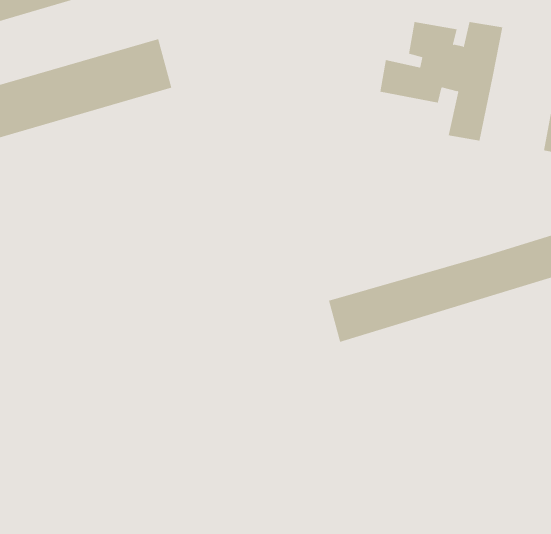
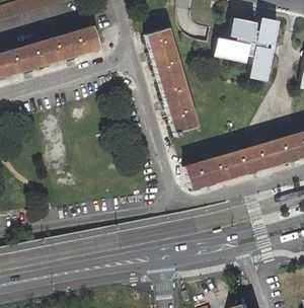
building: none -> [143,29,196,138]

